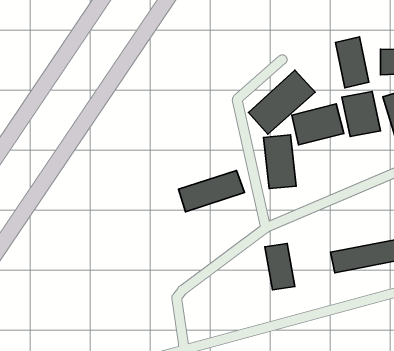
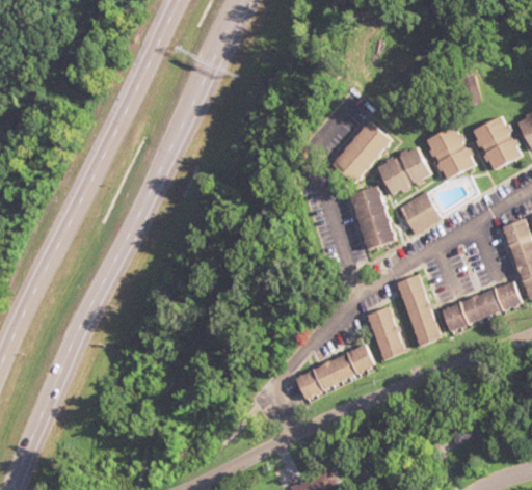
building: [335,37,369,88] -> none
building: none -> [398,193,441,236]
building: [179,170,244,212] -> [307,344,379,398]
building: none -> [397,274,440,346]

